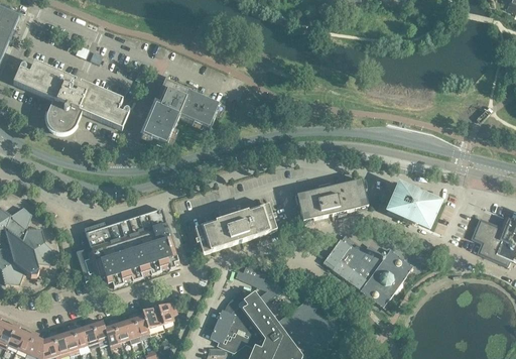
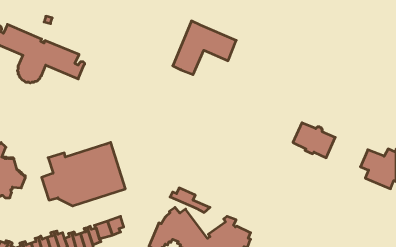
building: [141,80,220,146] -> [173,21,236,75]
building: [296,180,368,222] -> none
building: [195,204,276,254] -> none
building: [322,236,412,308] -> none

